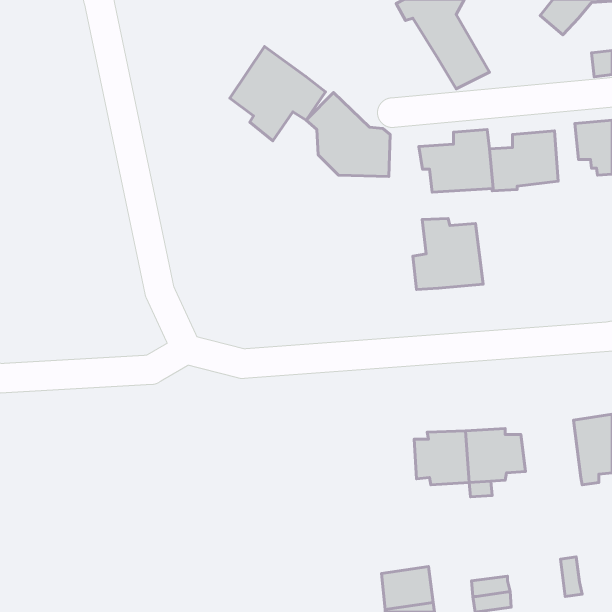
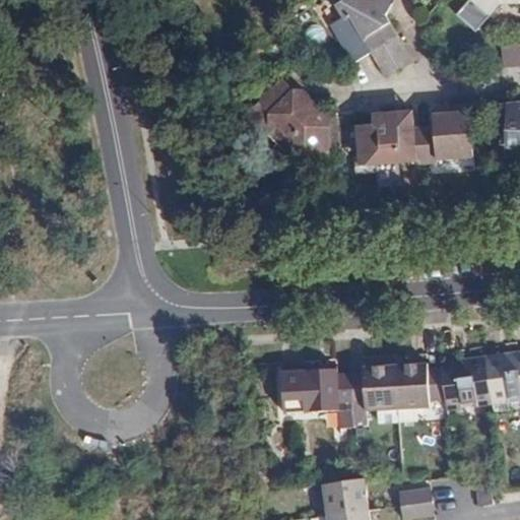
building: none -> [331,15,371,61]
building: [230,46,326,141] -> none
building: [413,219,483,289] -> none
building: none -> [440,355,492,415]
building: none -> [280,364,354,429]

